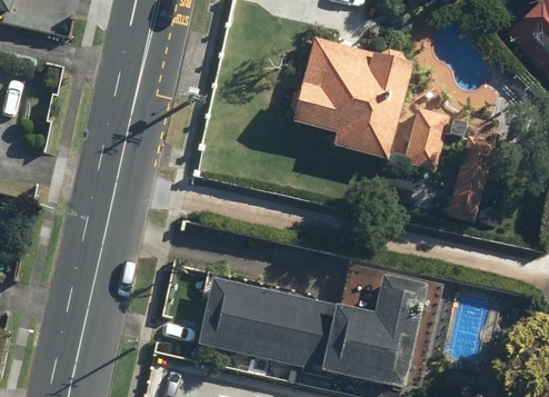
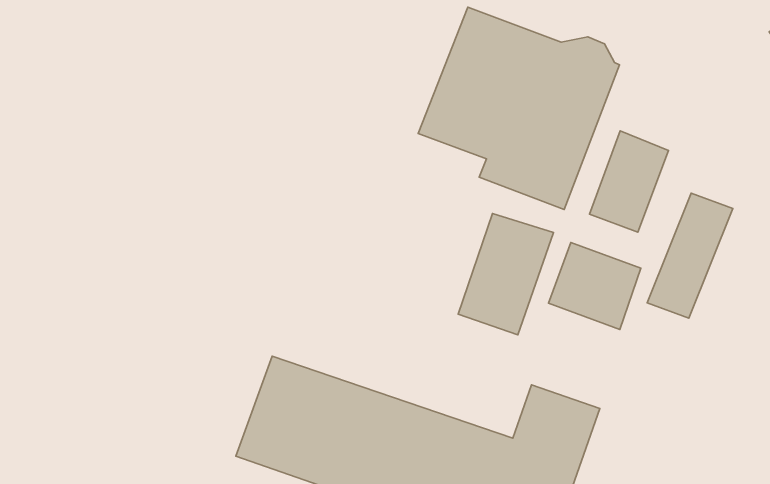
building: none -> [458,214,553,335]
building: none -> [549,243,641,330]

